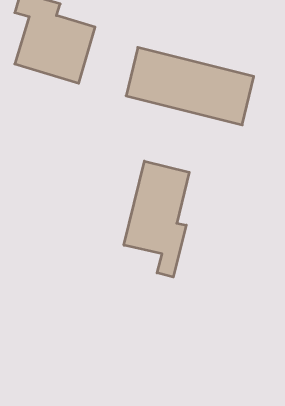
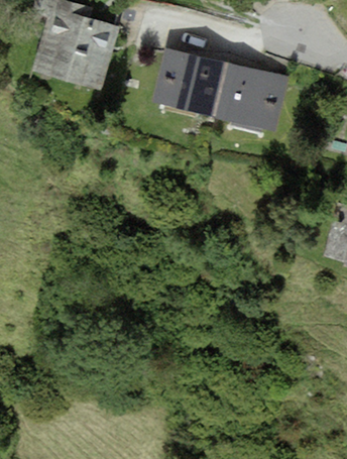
building: [124,161,189,277] -> none

